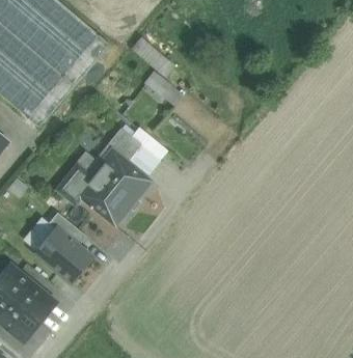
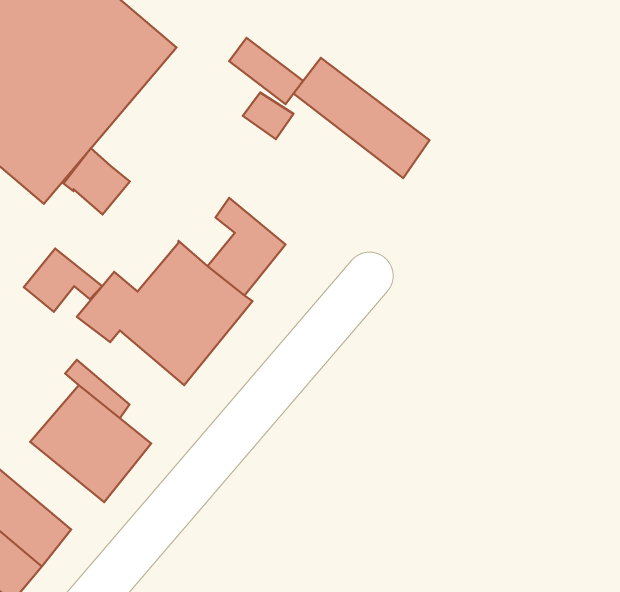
building: none -> [293,58,430,178]
building: [106,127,141,162] -> [64,148,130,215]
building: none -> [24,249,102,312]

